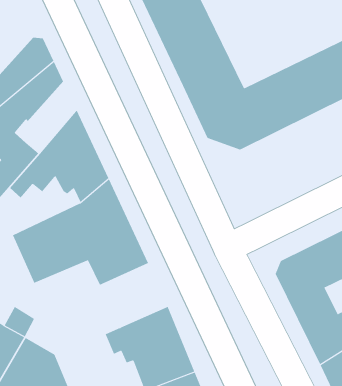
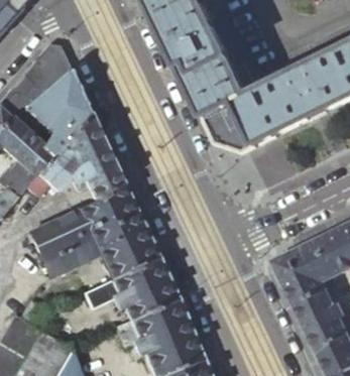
building: none -> [42,87,90,154]
building: none -> [111,257,176,318]

